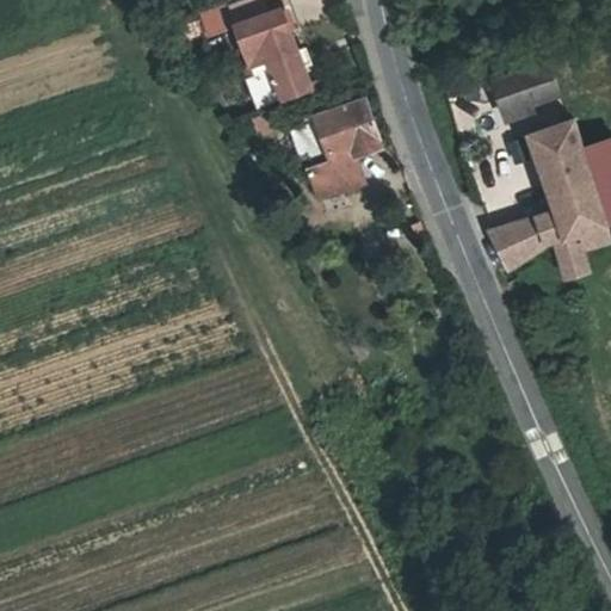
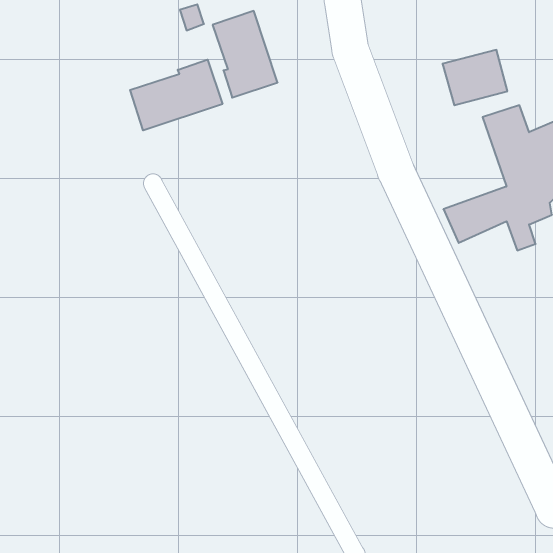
building: none -> [130,60,222,130]
building: [291,100,379,195] -> none

